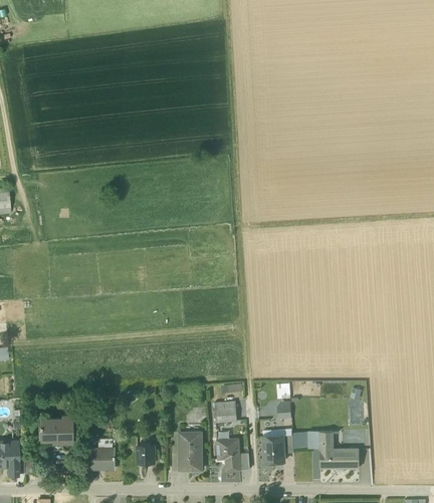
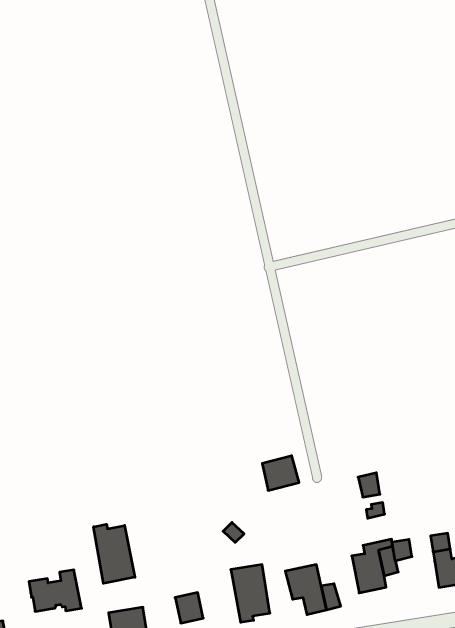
building: none -> [94,524,135,583]
building: [214,402,237,423] -> [262,456,299,490]

